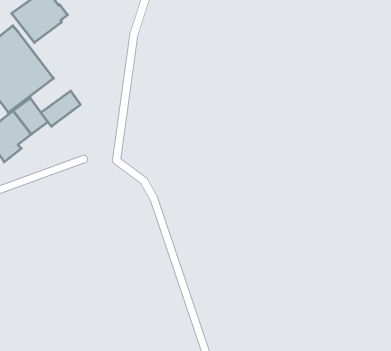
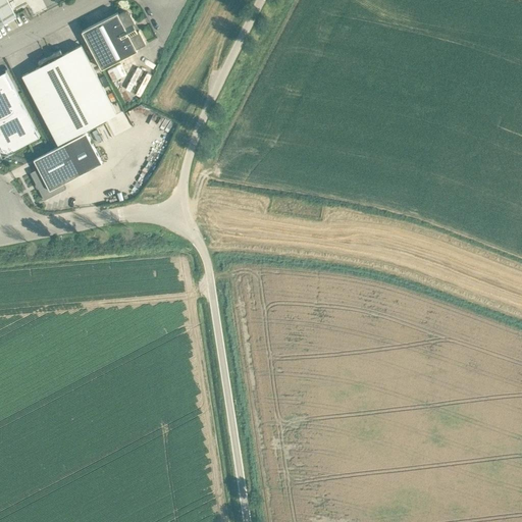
building: [41,91,80,126] -> none

